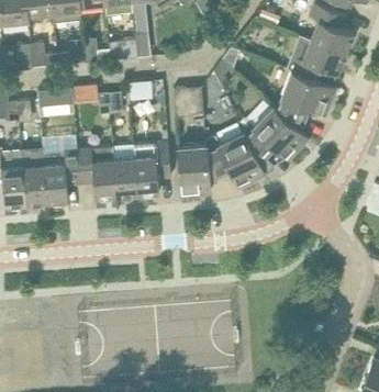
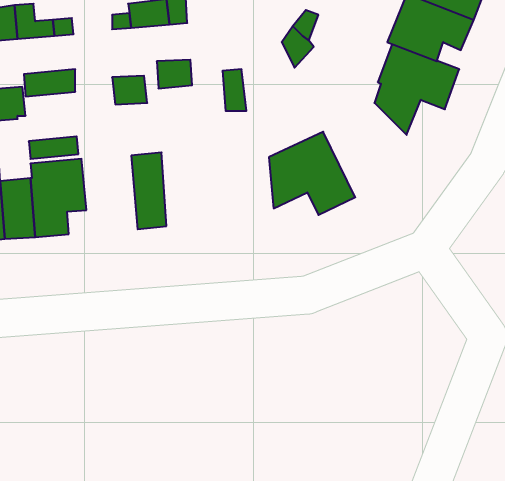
building: [246,105,308,165] -> none
building: [132,143,171,195] -> none
building: [178,145,210,195] -> none
building: [77,147,115,199] -> none

